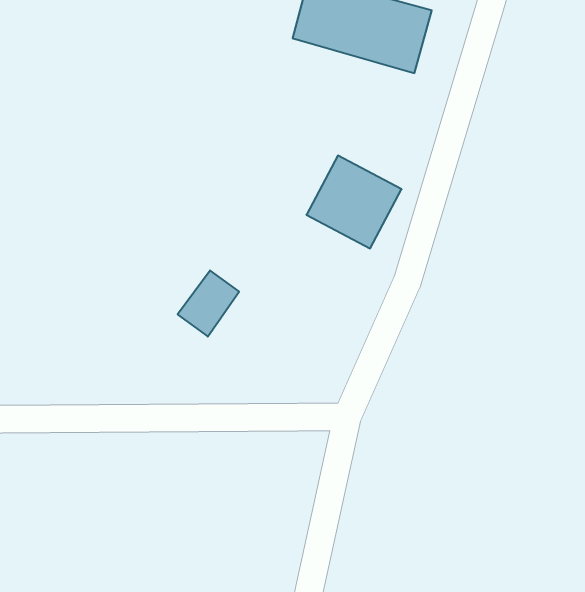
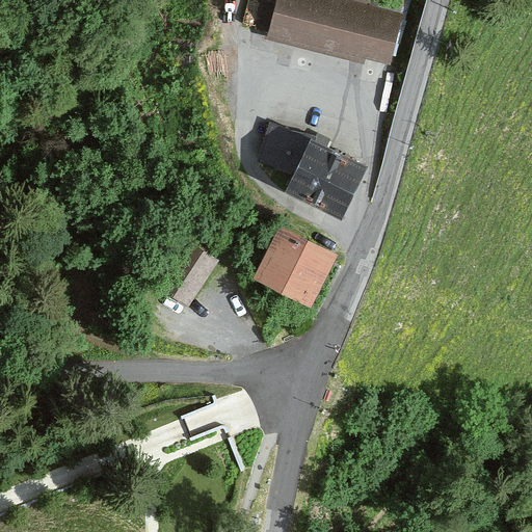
building: none -> [262,118,297,164]
building: none -> [257,231,328,303]

